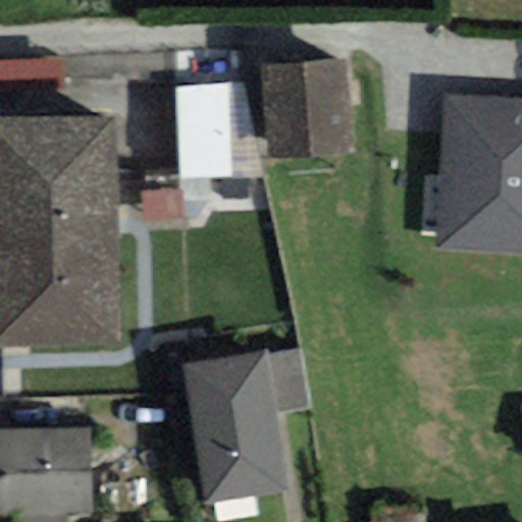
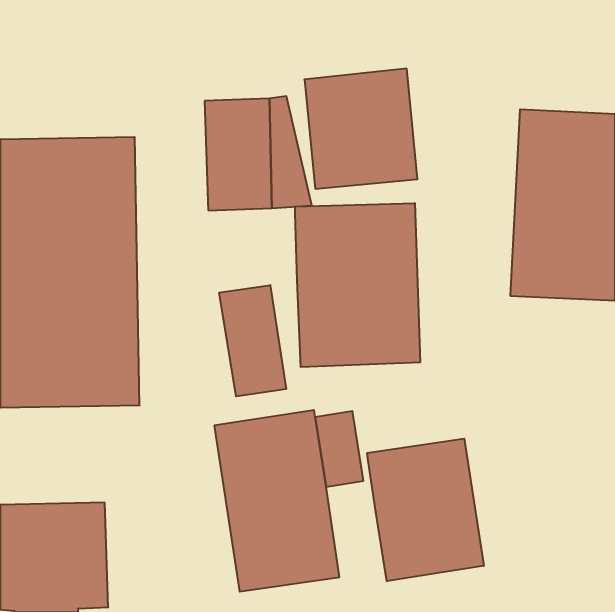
building: none -> [295,203,420,367]
building: none -> [219,285,286,396]
building: none -> [367,439,484,581]

